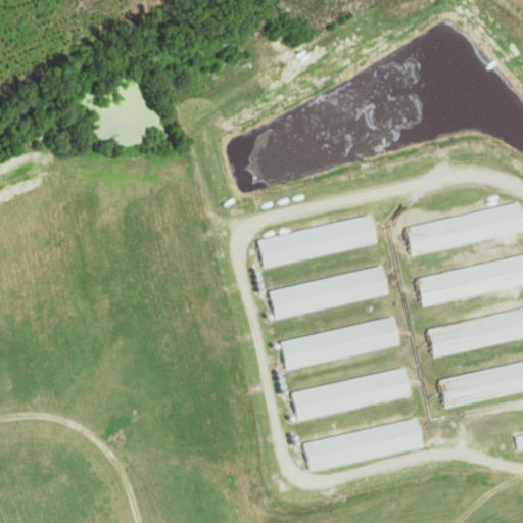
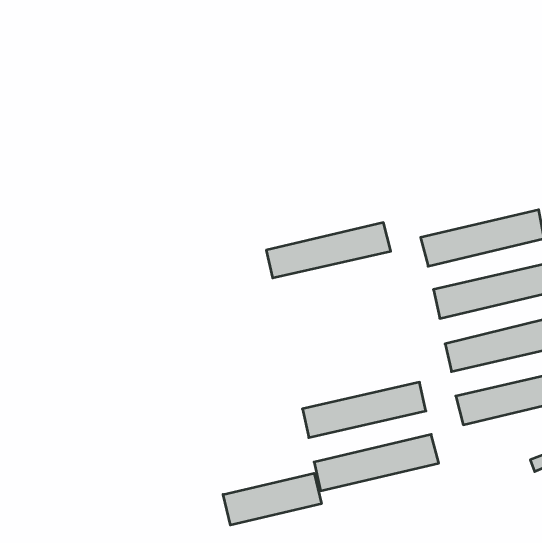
building: [269,266,388,320] -> none
building: [281,317,399,371] -> none
building: none -> [223,473,321,525]

